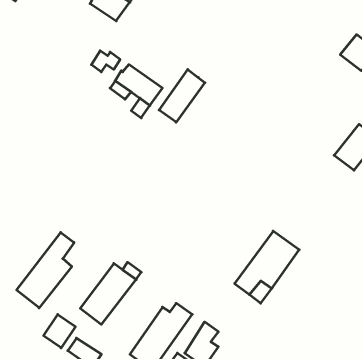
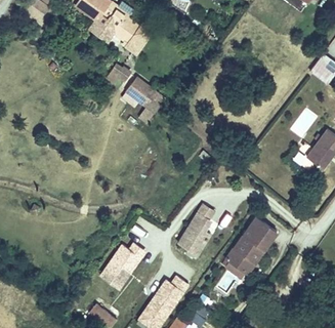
building: [159,69,205,122] -> none
building: none -> [178,200,211,244]
building: [17,232,74,308] -> none
building: [44,314,75,348] -> none

